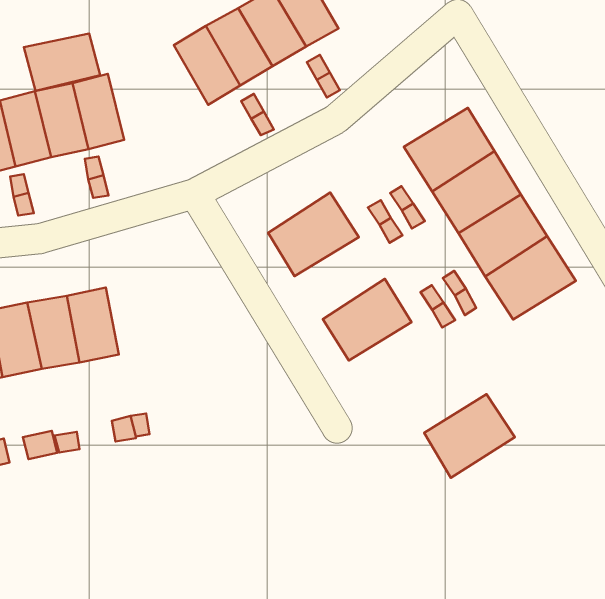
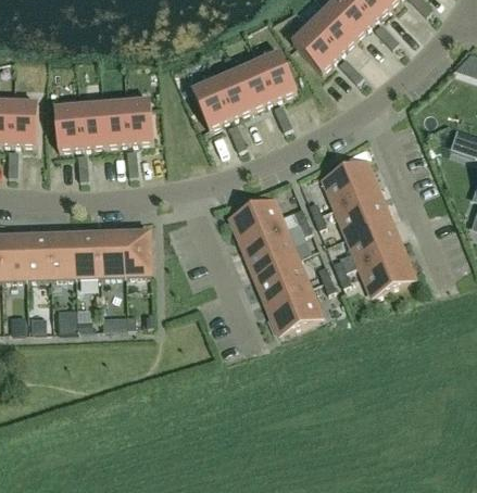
building: [24,33,100,91] -> none
building: none -> [241,224,297,270]
building: none -> [124,228,151,271]
building: [424,394,515,478] -> [266,281,322,329]

